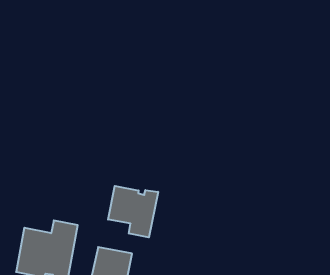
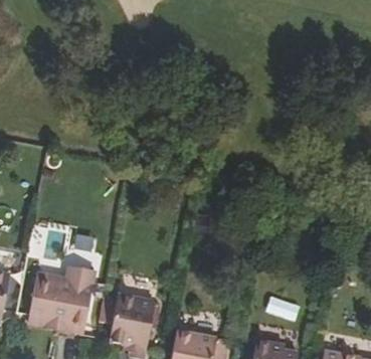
building: [108,186,158,237] -> none

